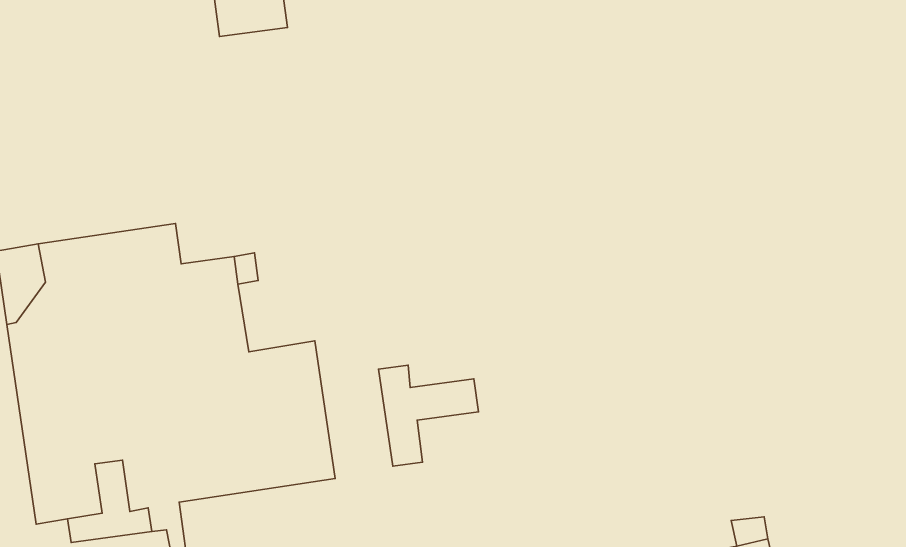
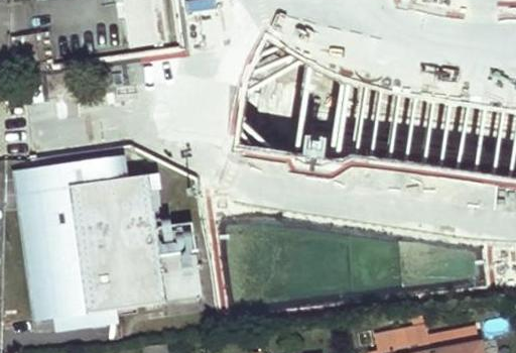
building: [379,365,479,466] -> none

